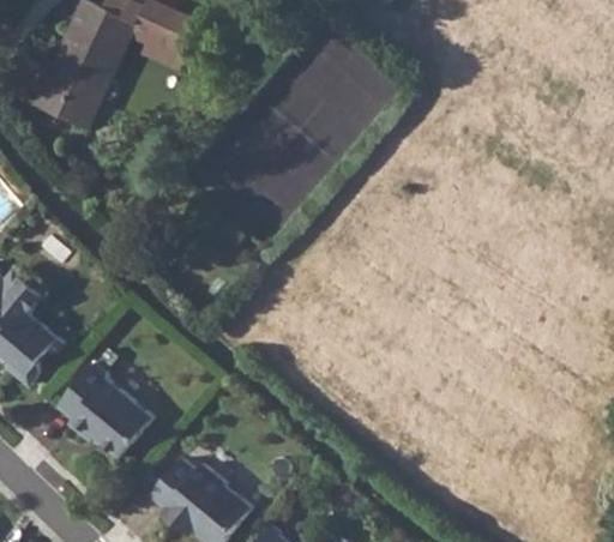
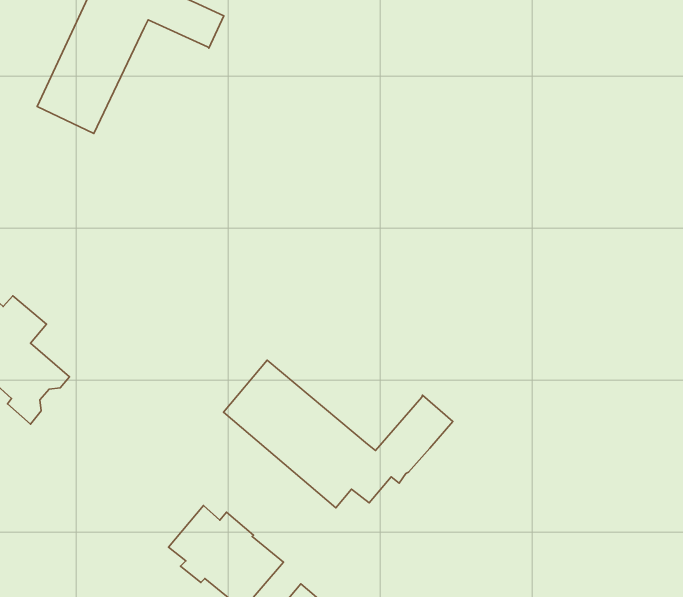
building: none -> [223,360,453,508]
building: [58,362,152,458] -> none

